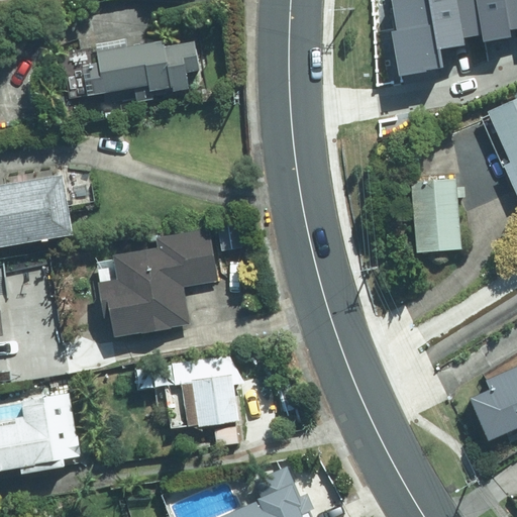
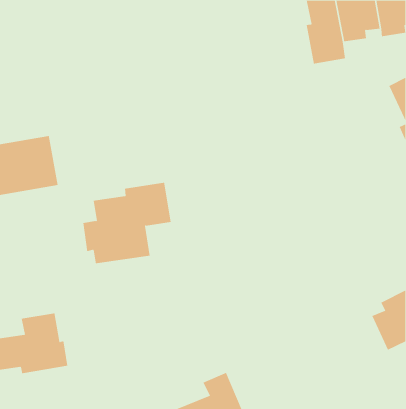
building: [85,34,200,110] -> none
building: [411,175,461,249] -> none
building: [175,355,242,426] -> none

